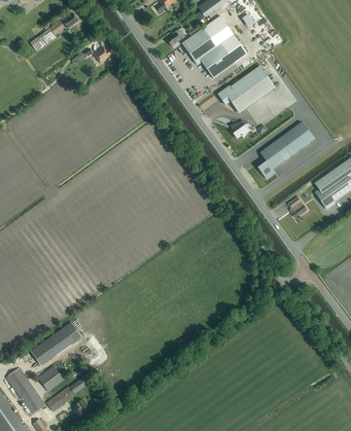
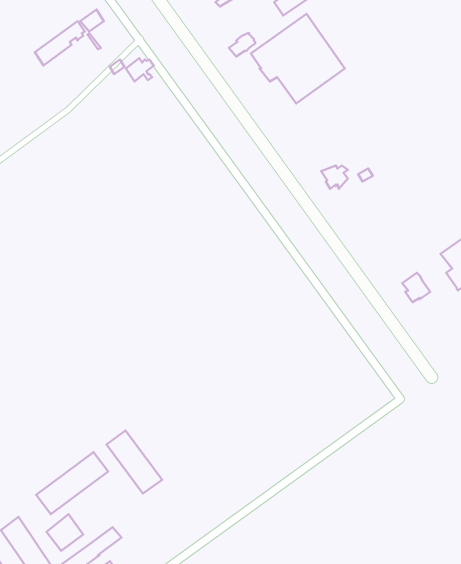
building: [217,66,274,112] -> none
building: [257,121,314,177] -> none
building: none -> [106,431,162,494]

